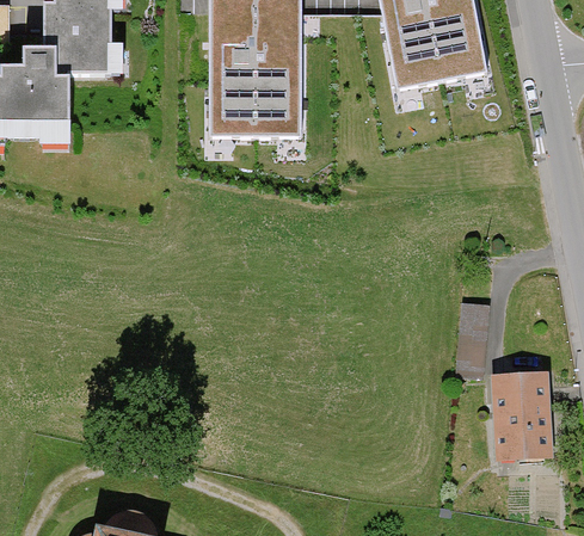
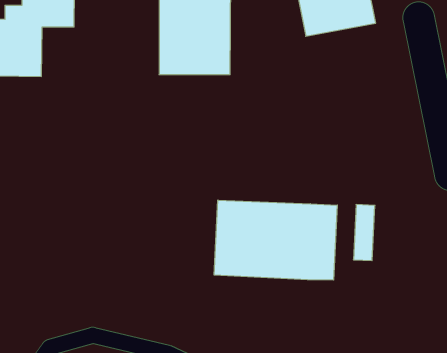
building: none -> [214,200,337,280]
building: [487,375,546,462] -> none

